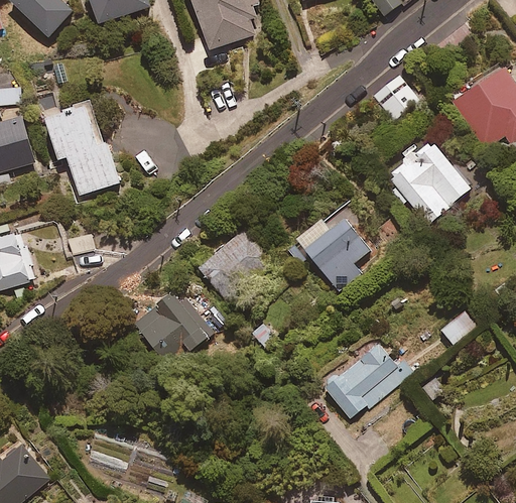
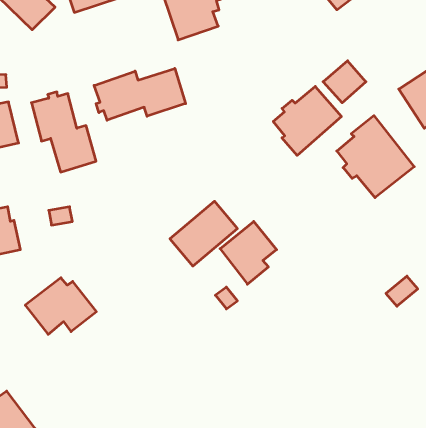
building: none -> [94,68,186,120]
building: none -> [273,86,341,155]
building: [305,220,368,289] -> [220,221,277,284]
building: [135,296,214,359] -> [25,278,96,334]
building: [322,343,413,419] -> none

